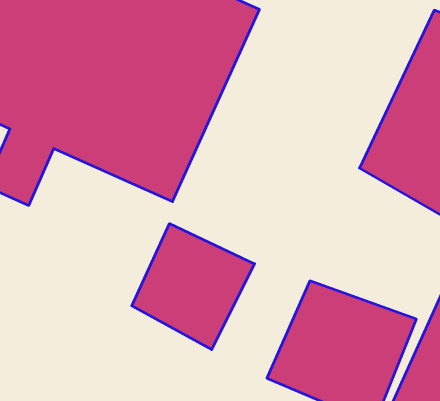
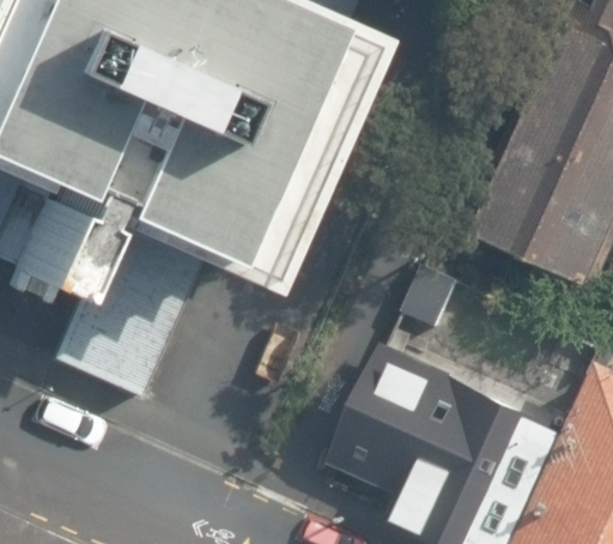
building: none -> [47,236,200,406]
building: [132,224,255,350] -> none

